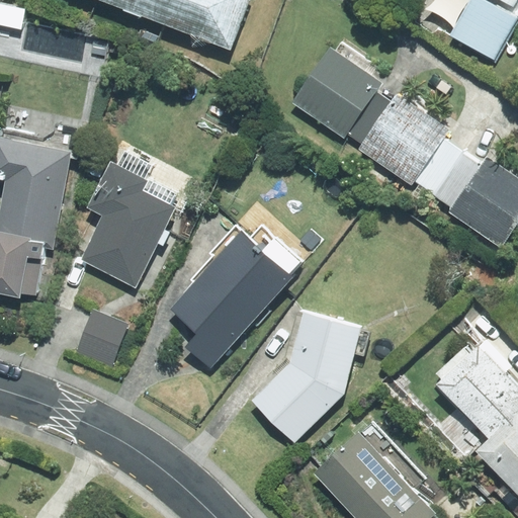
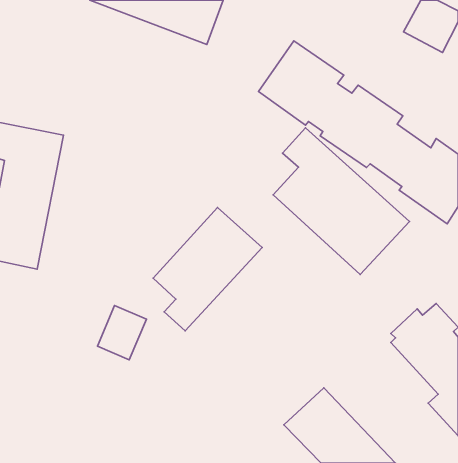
building: none -> [273,128,409,274]
building: [79,145,189,287] -> none
building: [73,308,127,368] -> [97,306,146,360]
building: [252,316,360,440] -> none

